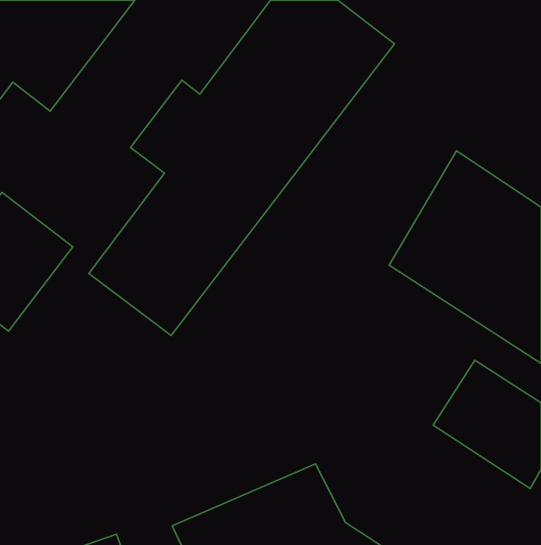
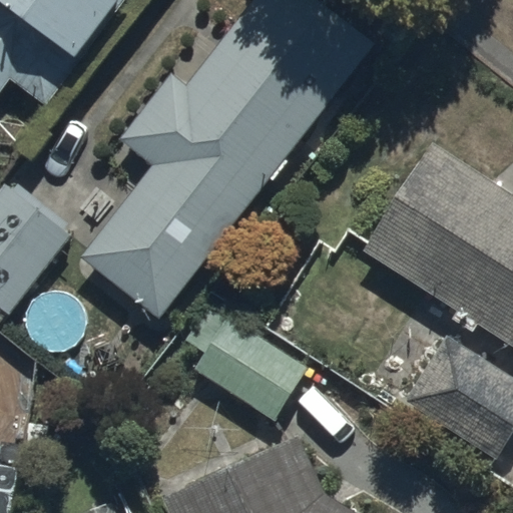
building: none -> [193,316,309,422]

